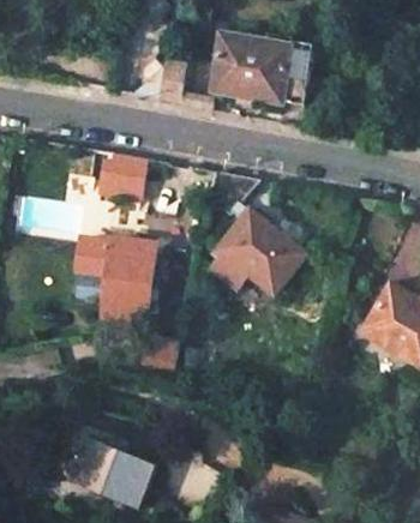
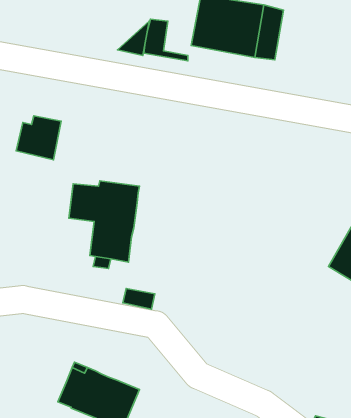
building: [94,151,143,199] -> [16,116,61,160]
building: [211,209,304,291] -> none

